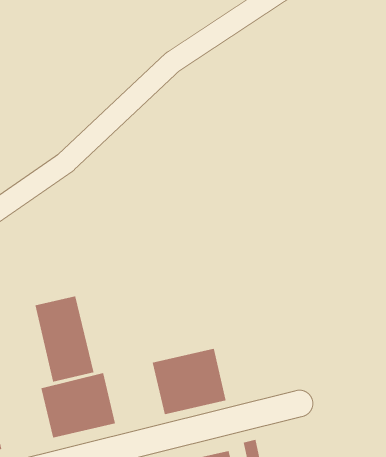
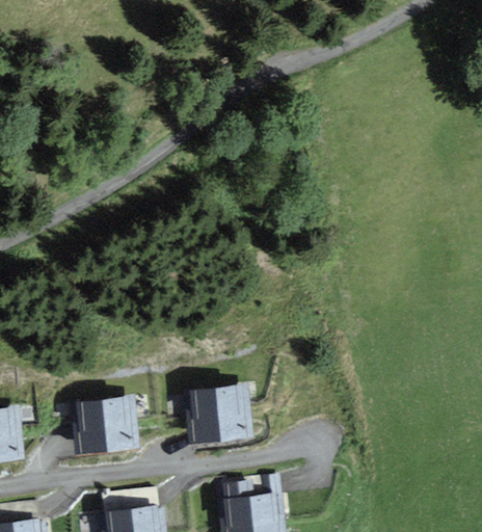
building: [35,296,94,383] -> none

